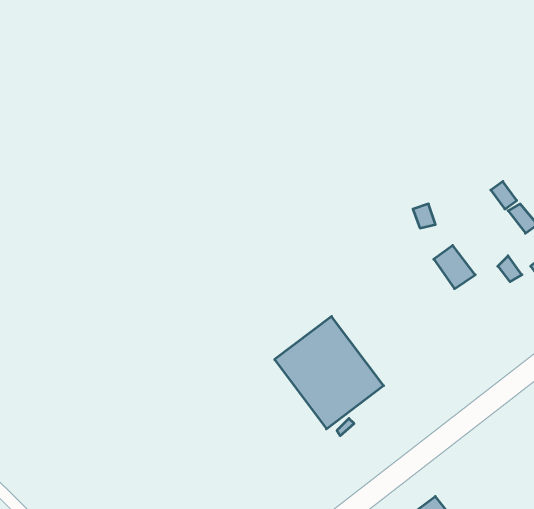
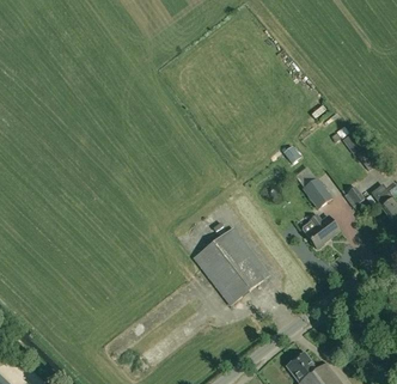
building: none -> [303,214,338,246]

